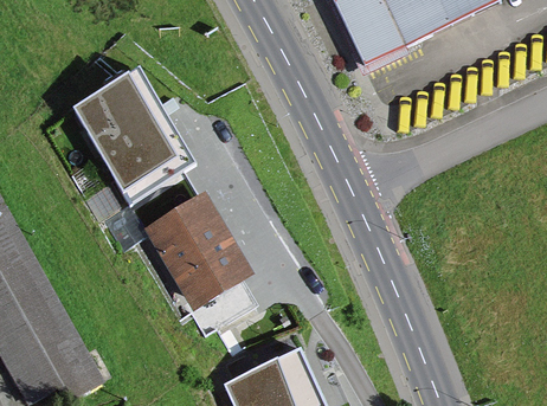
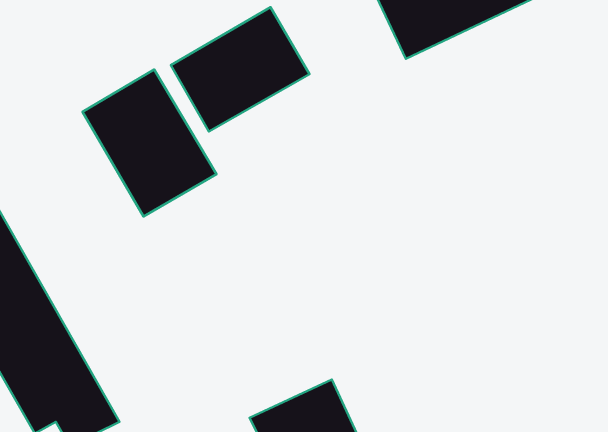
building: none -> [171,7,310,132]
building: [144,194,249,308] -> none

